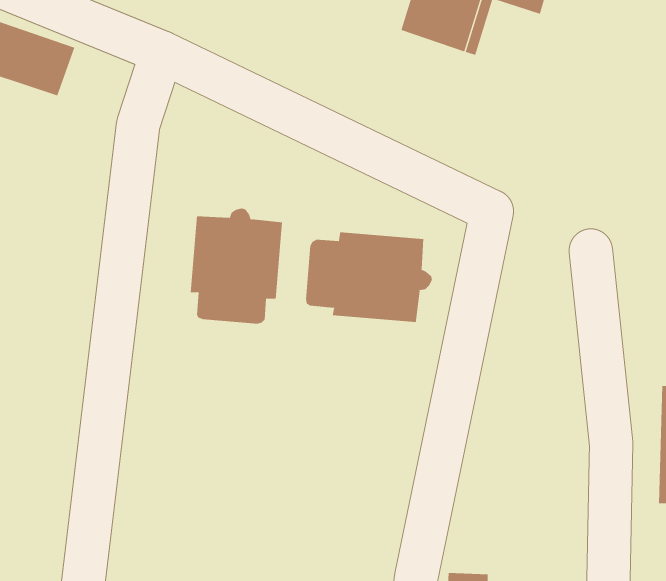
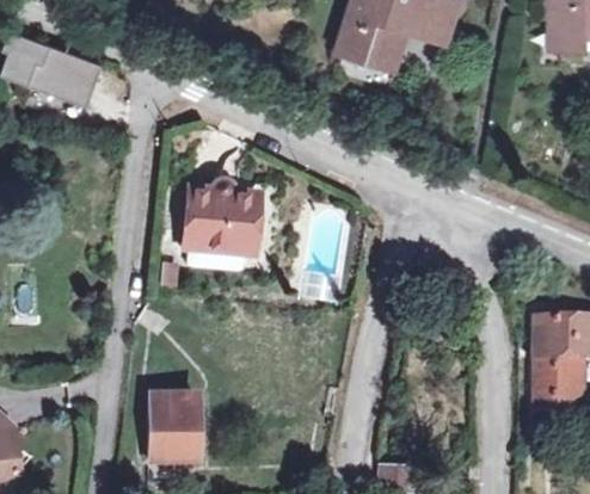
building: [306,231,432,323] -> none
building: none -> [148,394,196,459]

